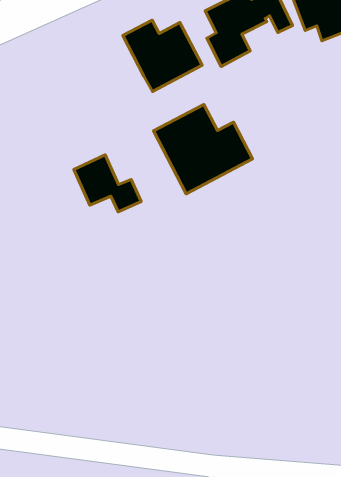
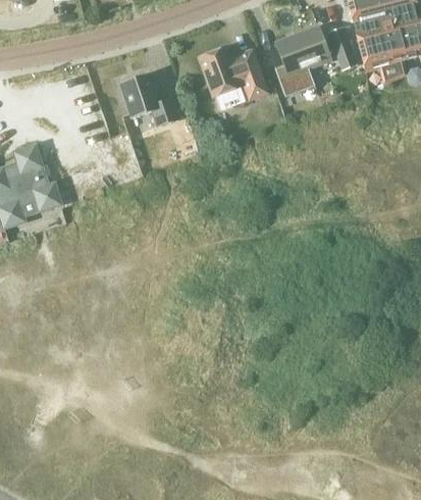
building: [153,104,253,194] -> none
building: [74,155,141,212] -> [120,70,179,124]

